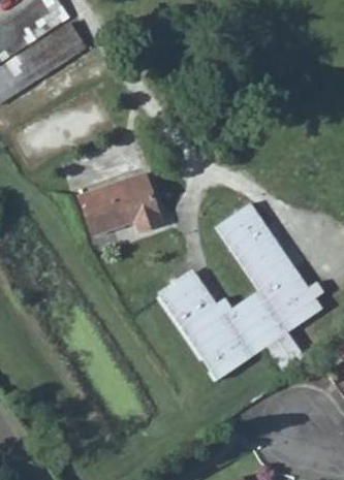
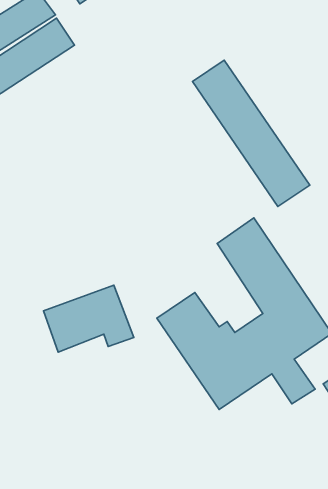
building: none -> [192,60,310,206]
building: [81,171,164,233] -> [44,285,134,352]

